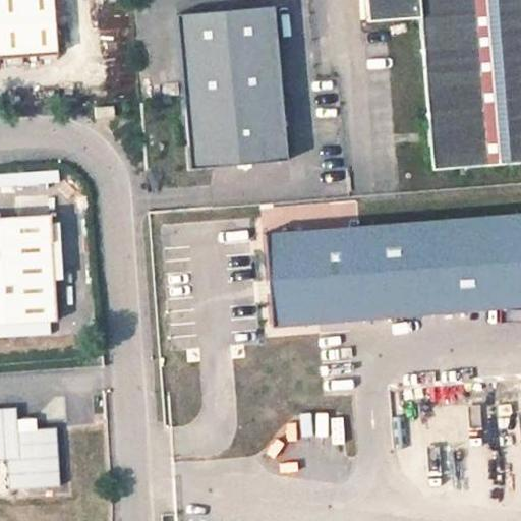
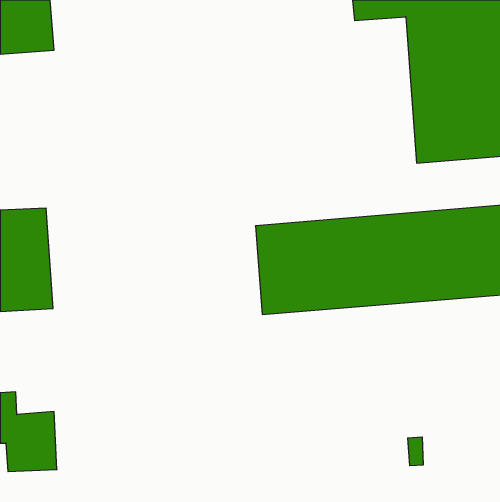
building: [178,8,288,169] -> none

